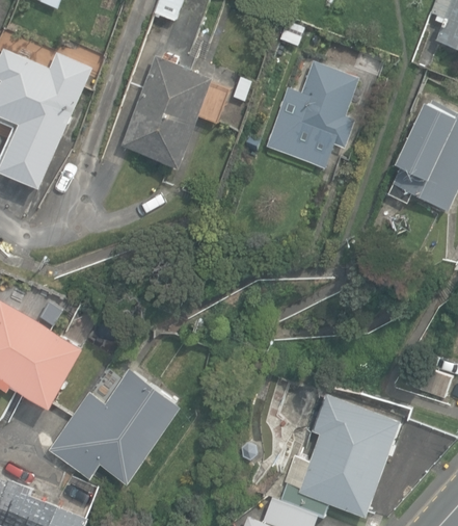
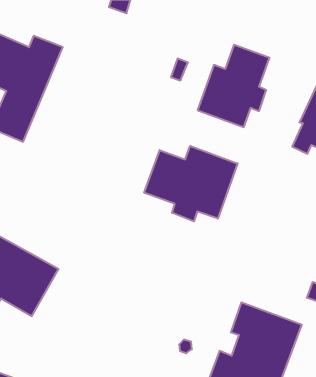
building: [119,51,227,168] -> none
building: none -> [144,146,238,221]
building: [46,367,181,480] -> none

